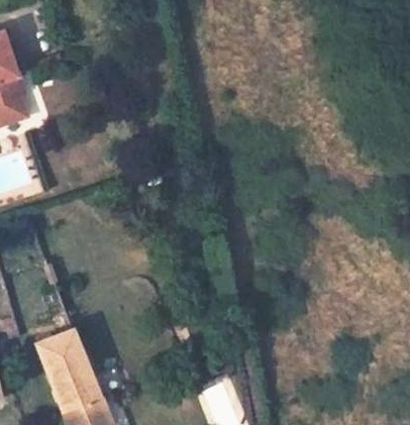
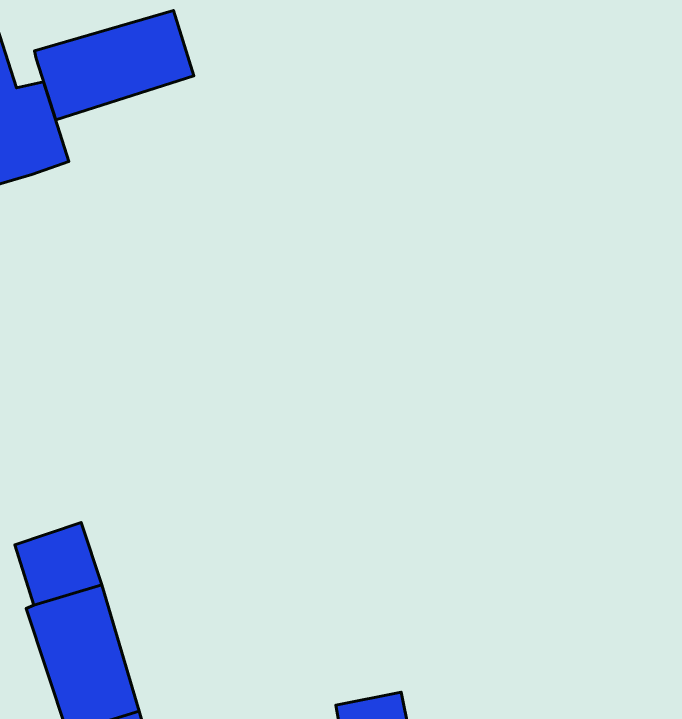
building: none -> [35,10,194,120]

